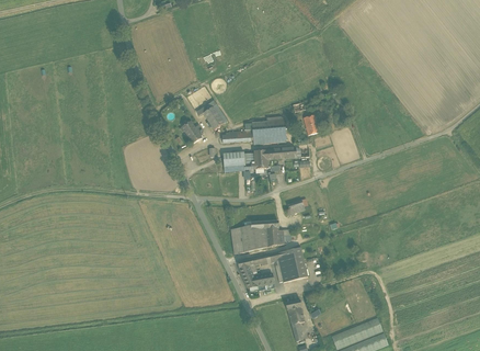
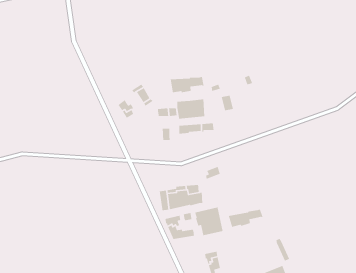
building: none -> [170,76,205,93]
building: none -> [228,208,264,228]

